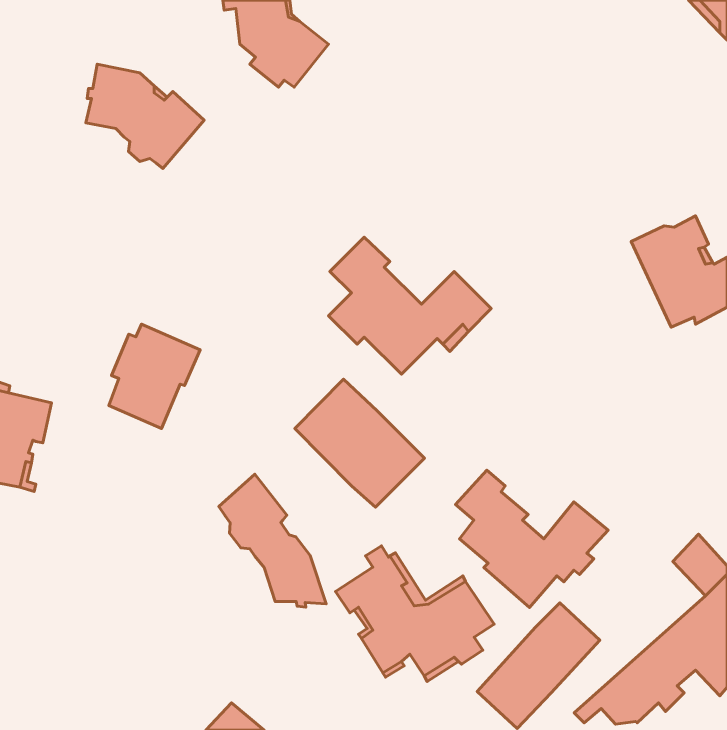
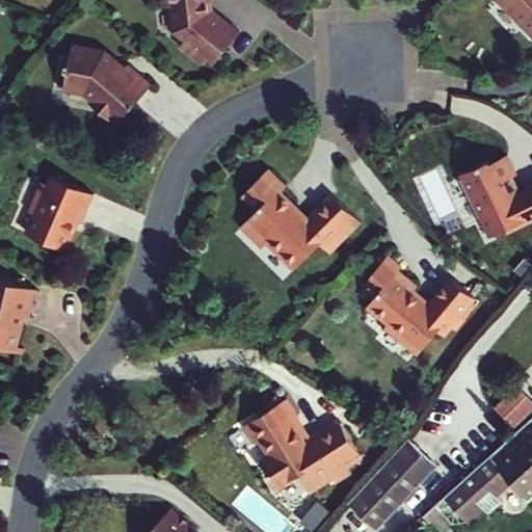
building: [109,324,200,428] -> [26,179,92,255]
building: [295,379,424,507] -> none
building: [455,470,608,607] -> [363,257,474,356]
building: [219,474,326,607] -> none

